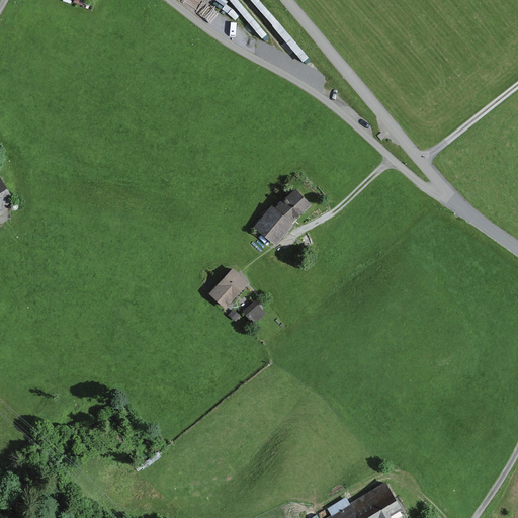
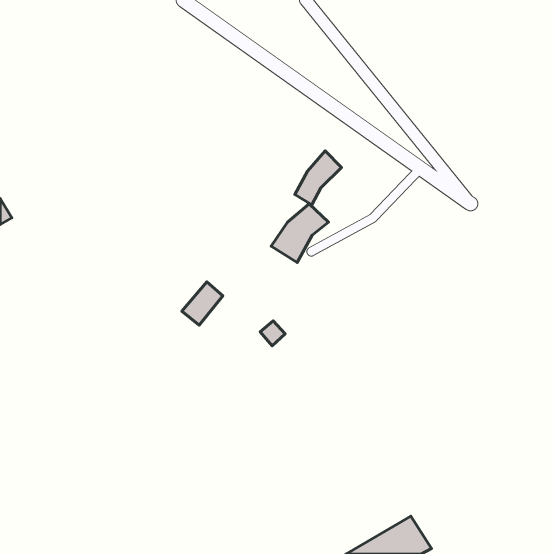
building: none -> [295,151,341,205]
building: [207,271,246,312] -> [182,282,223,325]

